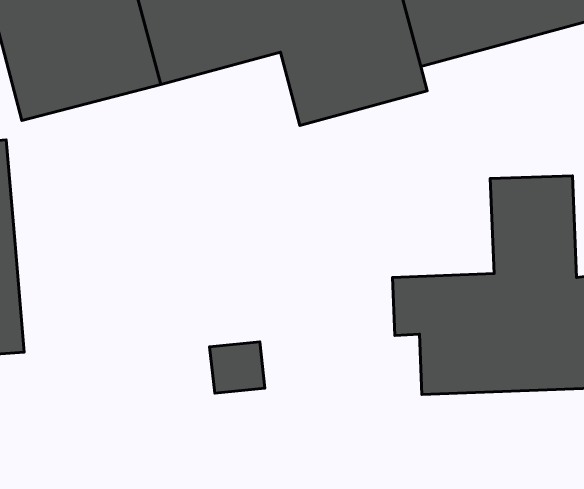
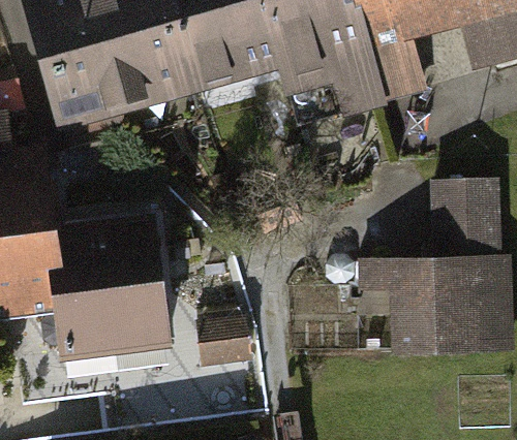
building: none -> [50,220,169,362]

